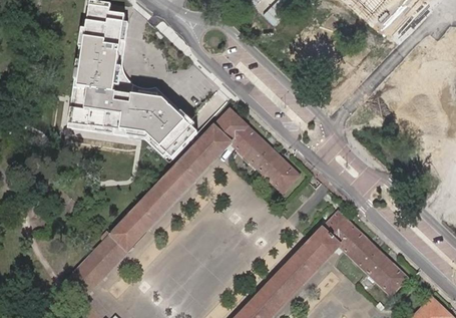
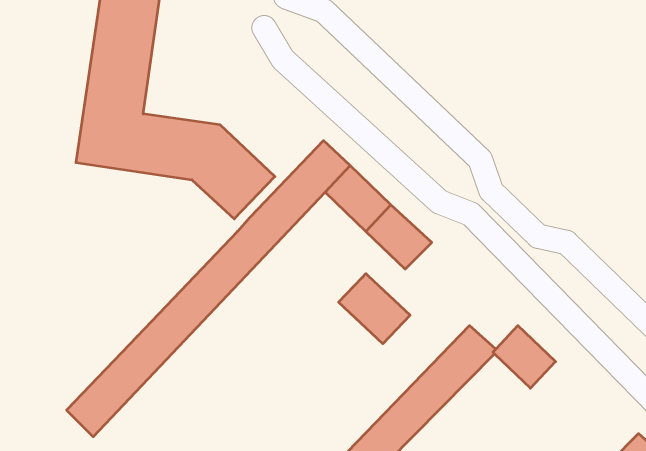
building: none -> [339,274,410,344]
building: [322,211,353,242] -> none
building: [361,250,406,294] -> none

